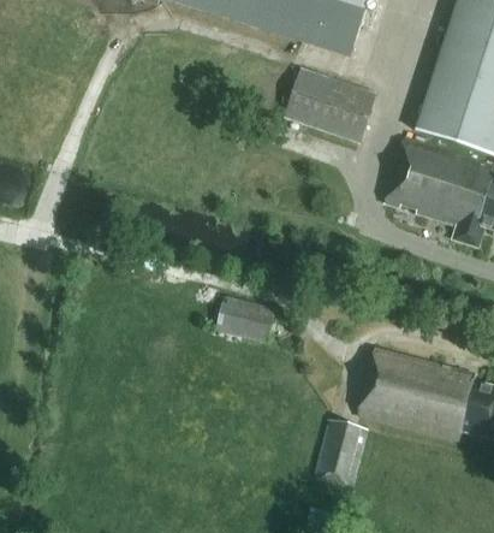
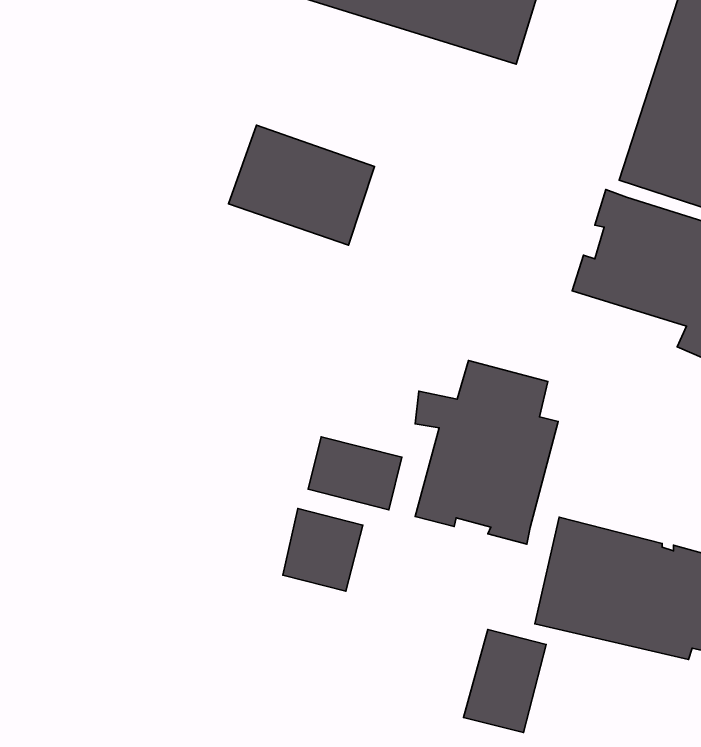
building: [282,66,376,143] -> [229,125,375,245]
building: none -> [415,360,558,544]
building: none -> [283,508,363,591]

